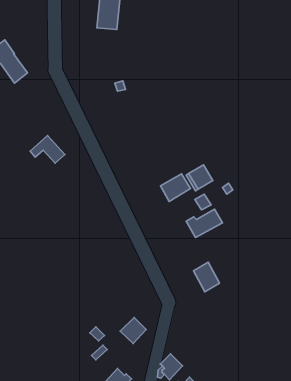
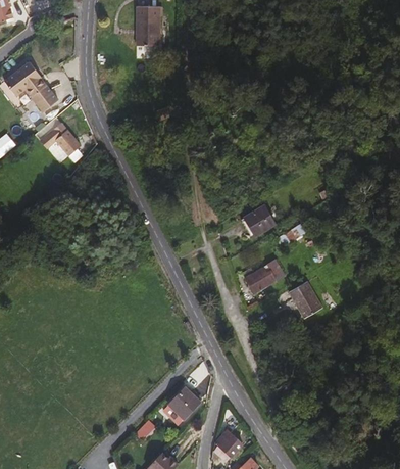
building: [30,135,65,163] -> [38,124,79,156]
building: [160,174,191,202] -> none
building: [193,262,219,292] -> [292,281,322,316]

